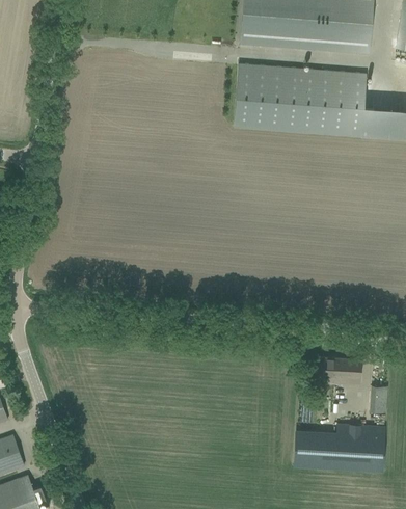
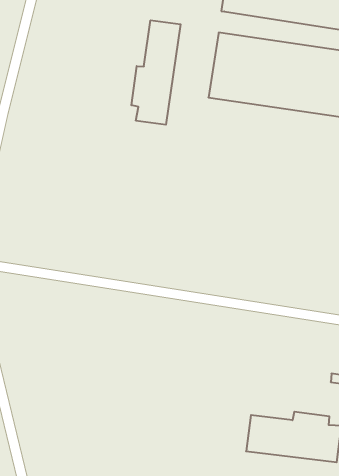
building: none -> [131,20,181,125]
building: [316,356,361,385] -> none

